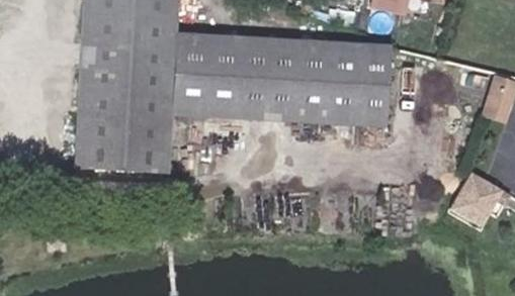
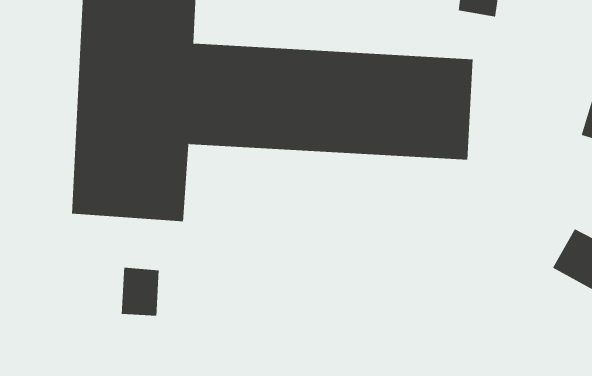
building: none -> [121,267,159,317]

